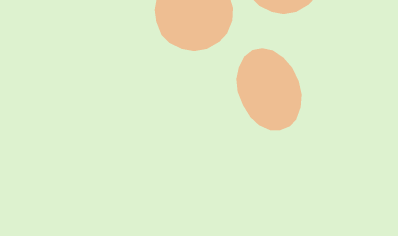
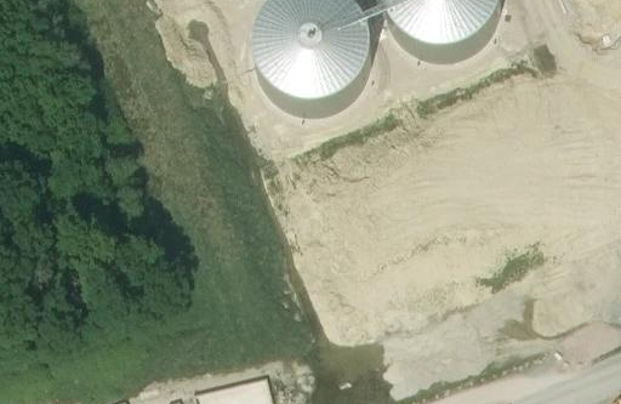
building: [236,48,302,131] -> none

